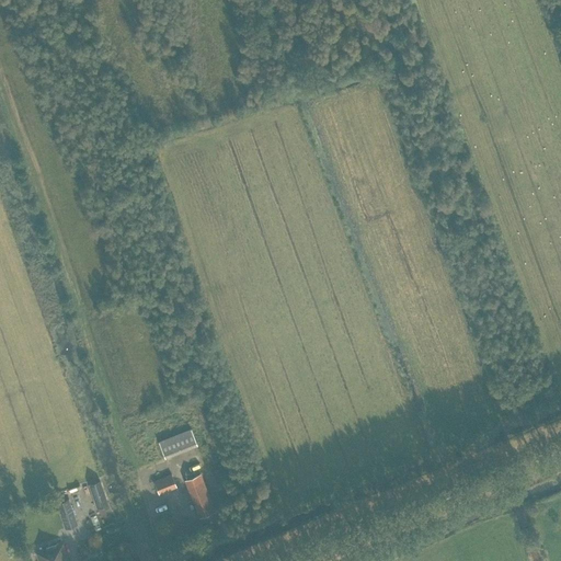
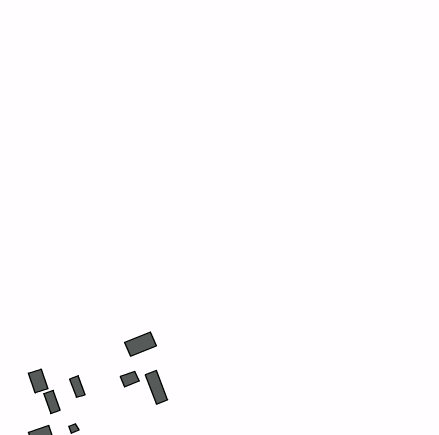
building: none -> [28,369,48,393]

